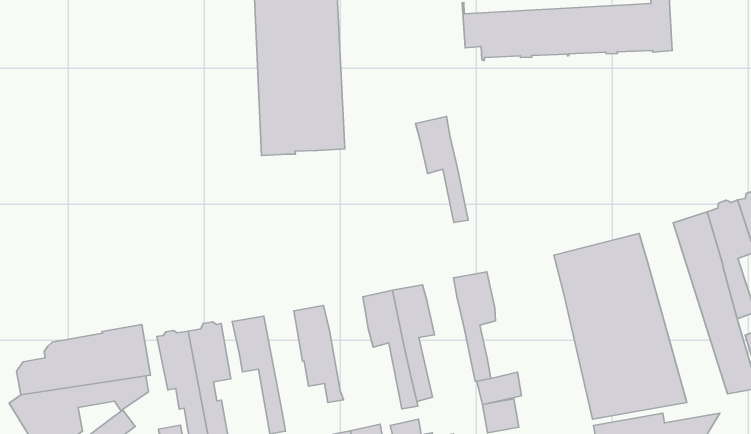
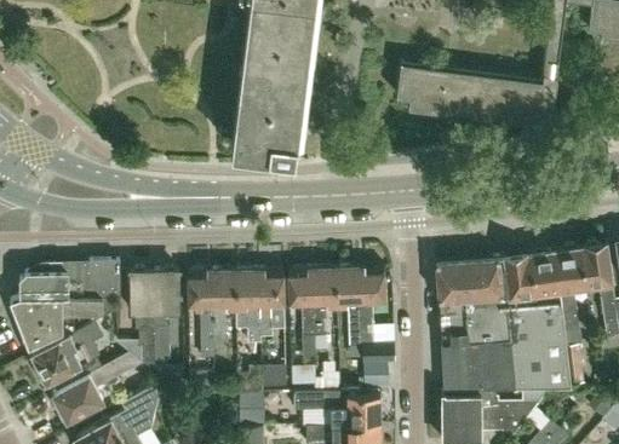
building: [415,116,468,223] -> [336,267,362,347]
building: none -> [504,255,549,391]
building: none -> [259,270,286,344]
building: none -> [213,271,236,345]

